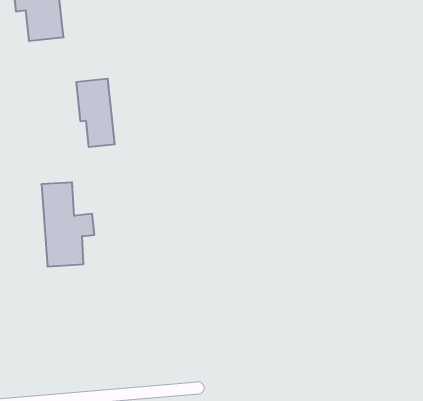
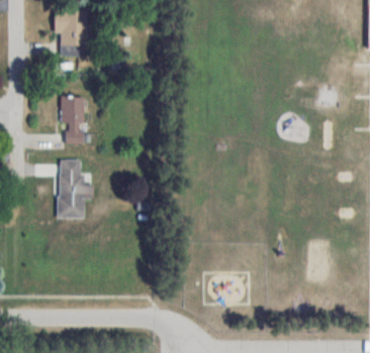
building: [76,79,115,147] -> [61,97,84,144]

